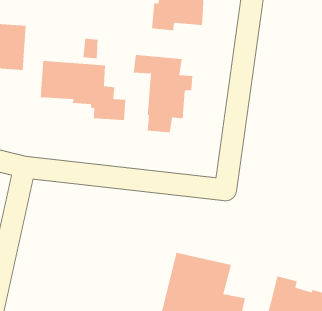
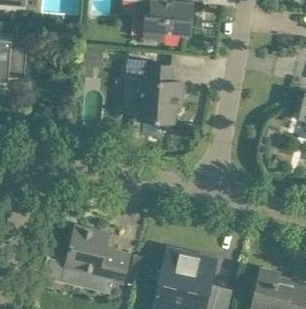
building: [40,60,126,121] -> none
building: none -> [60,224,130,293]

